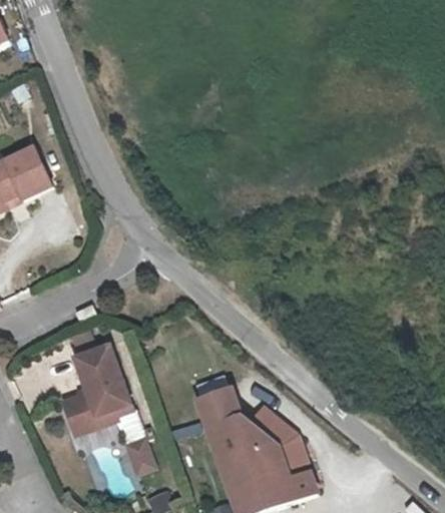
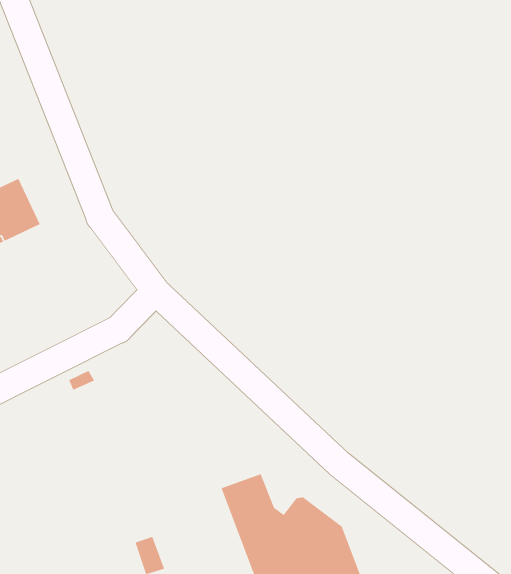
building: [62,346,131,434] -> none

